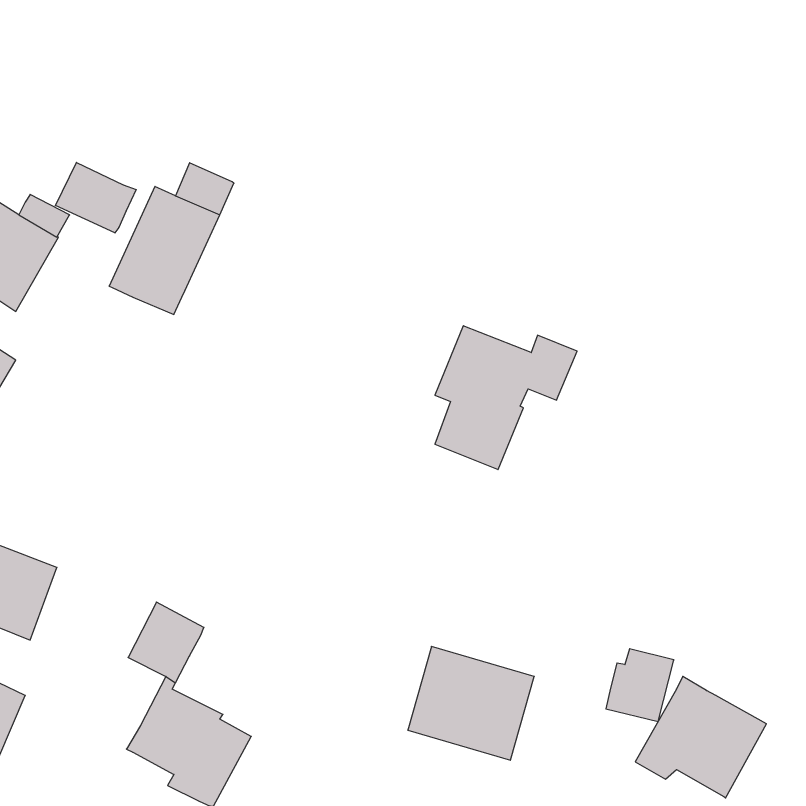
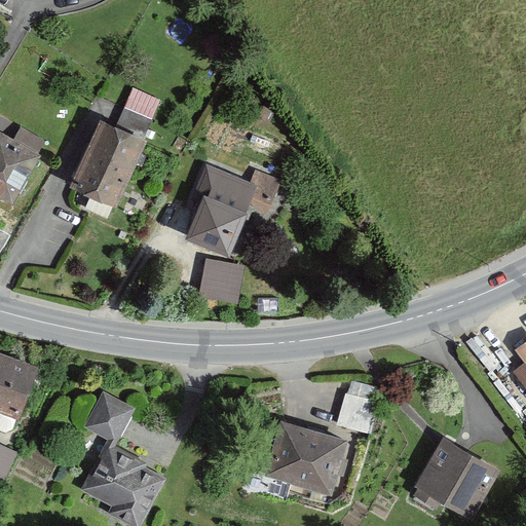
building: [55,162,136,233] -> none
building: [435,326,577,470] -> [187,162,279,256]
building: none -> [196,257,243,305]
building: [606,649,674,722] -> [336,382,380,429]

